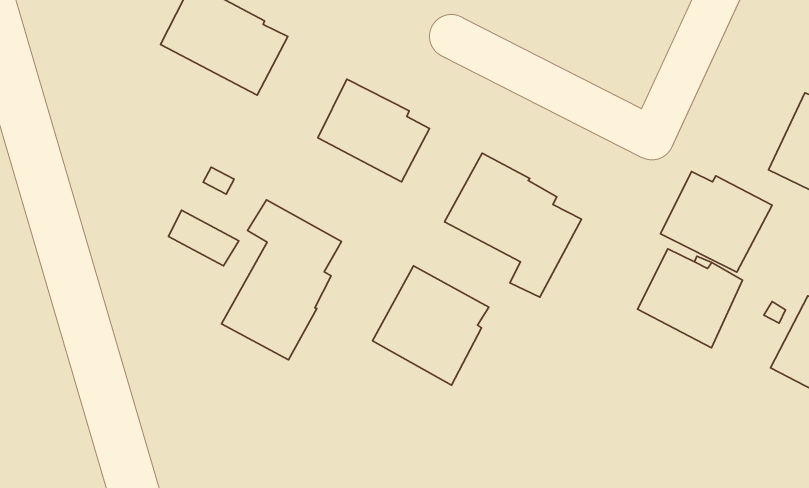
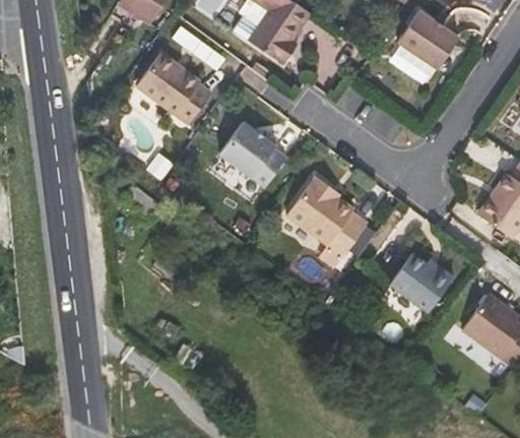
building: [660,172,772,272] -> none
building: [222,200,341,360] -> none
building: [372,266,489,385] -> none

